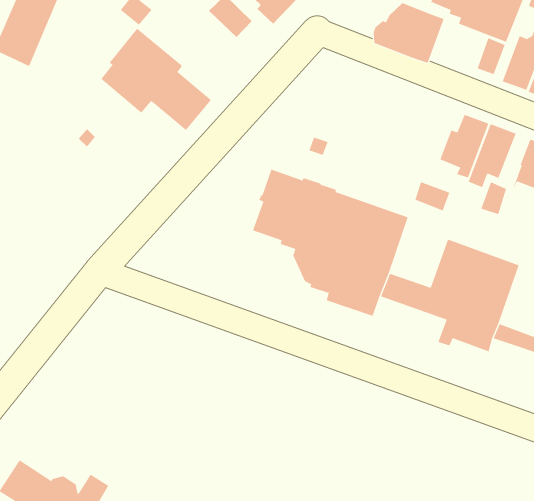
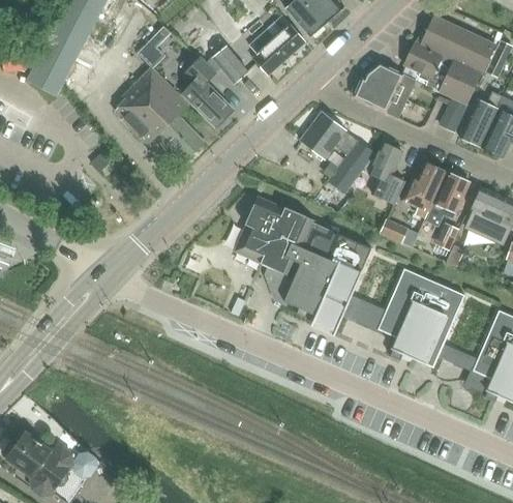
building: none -> [183,60,235,125]
building: none -> [304,113,375,193]
building: none -> [370,143,405,204]

